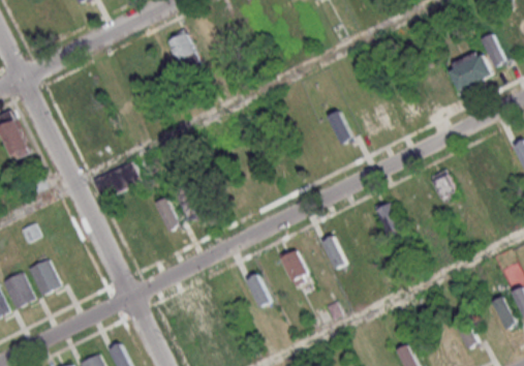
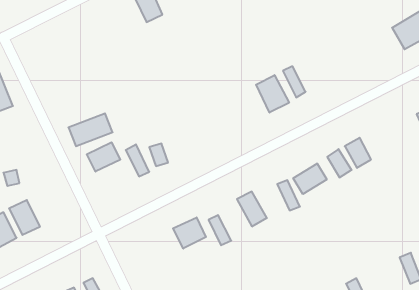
building: none -> [256,75,289,113]
building: [430,169,459,202] -> [345,138,371,168]
building: none -> [87,142,120,172]
building: none -> [293,163,327,194]
building: none -> [173,217,206,249]

